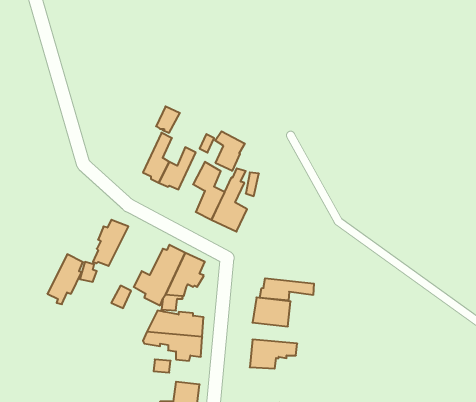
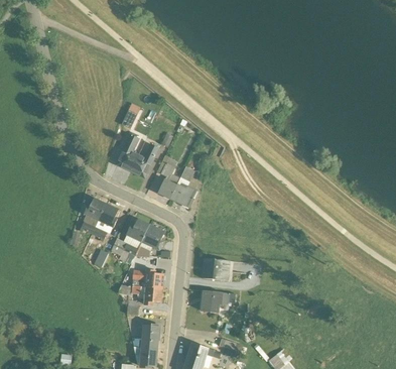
building: [215,131,245,171] -> none
building: [47,254,83,304] -> [92,203,119,241]
building: [260,278,314,300] -> none

